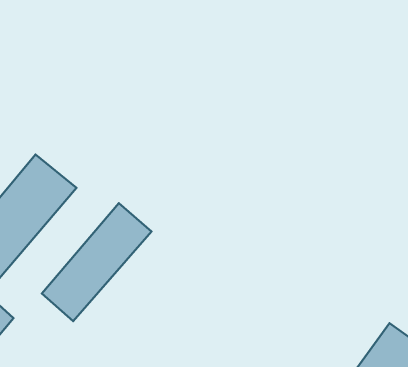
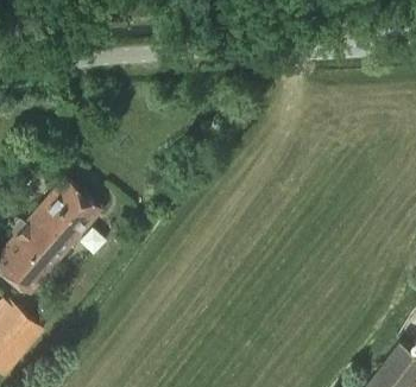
building: [42,203,152,321] -> none

